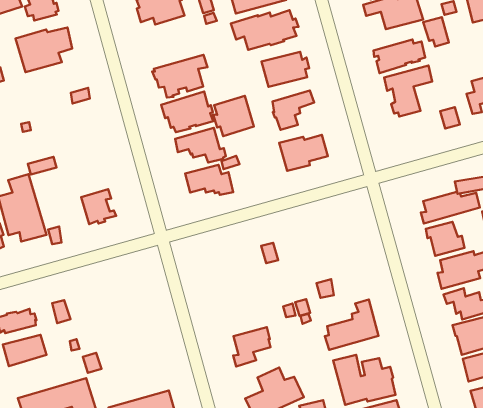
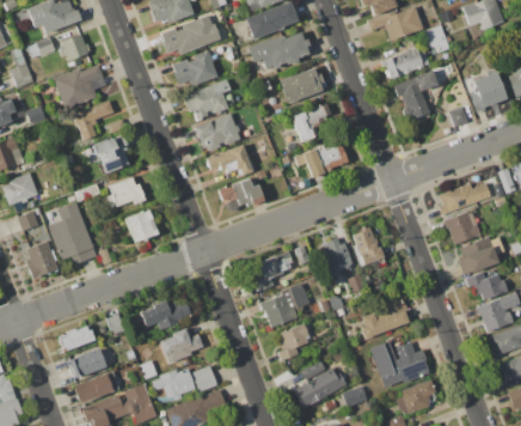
building: none -> [172,50,216,91]
building: none -> [73,101,114,140]
building: [213,96,254,136] -> none
building: none -> [92,135,130,175]
building: none -> [106,177,147,208]
building: none -> [353,225,385,264]
building: none -> [323,237,353,276]
building: none -> [252,250,293,292]
building: none -> [260,282,309,328]
building: none -> [140,299,194,330]
building: none -> [159,328,202,364]
building: none -> [75,372,115,403]
building: none -> [152,366,216,401]

